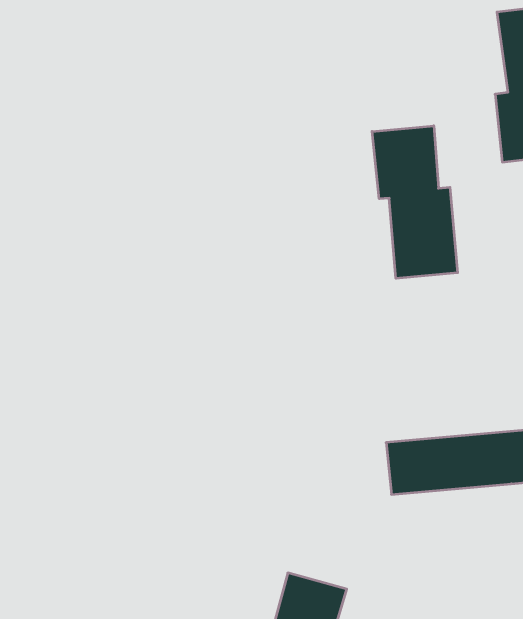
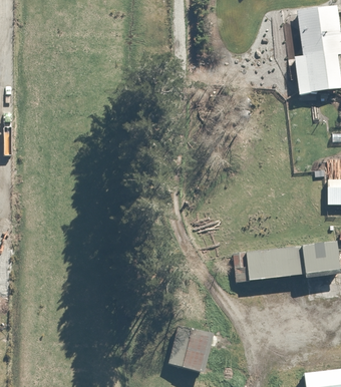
building: [372,126,458,278] -> none

